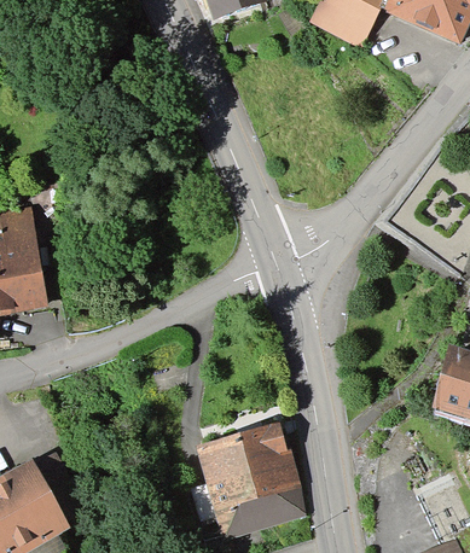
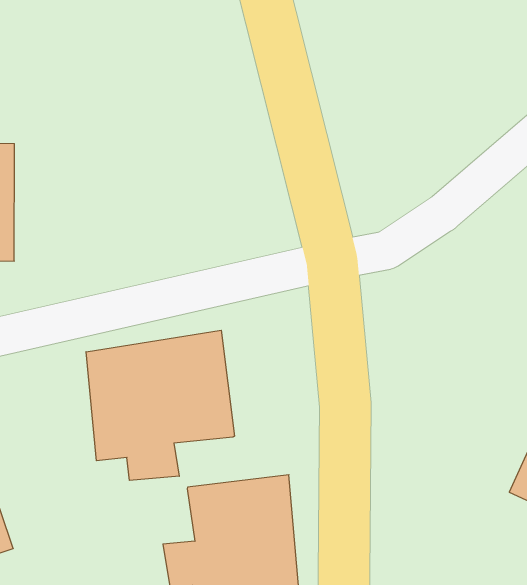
building: none -> [86,330,234,480]

